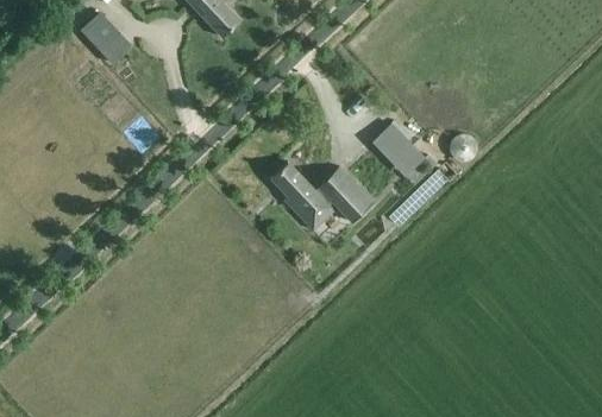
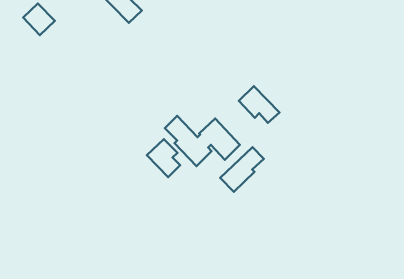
building: none -> [147,139,180,177]
building: none -> [220,147,264,192]

